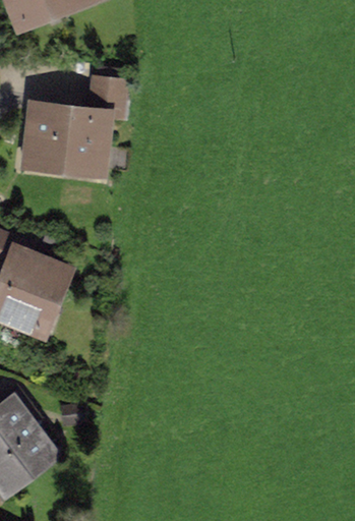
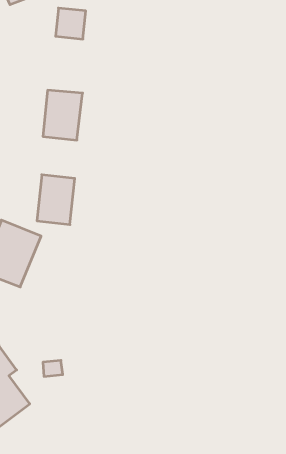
building: [93,80,125,114] -> [56,8,86,39]
building: [28,111,69,165] -> [37,175,75,225]

